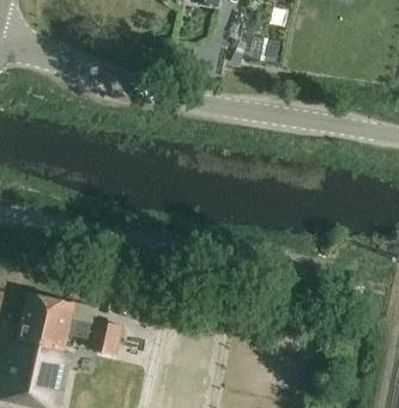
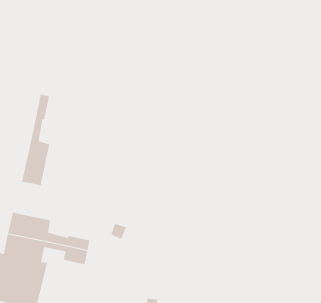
building: none -> [22,94,50,186]

